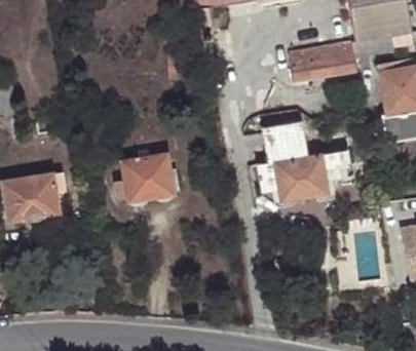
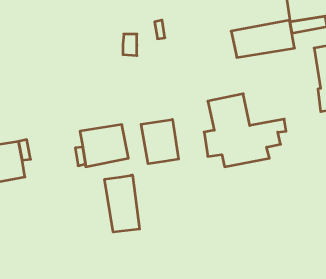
building: none -> [141,119,179,164]
building: none -> [105,175,140,232]

